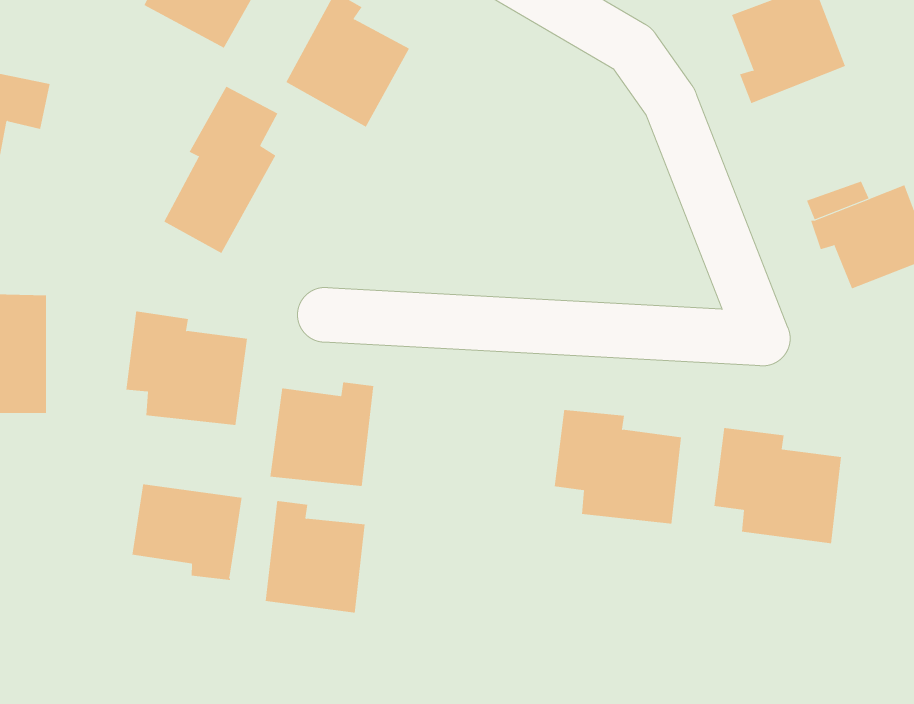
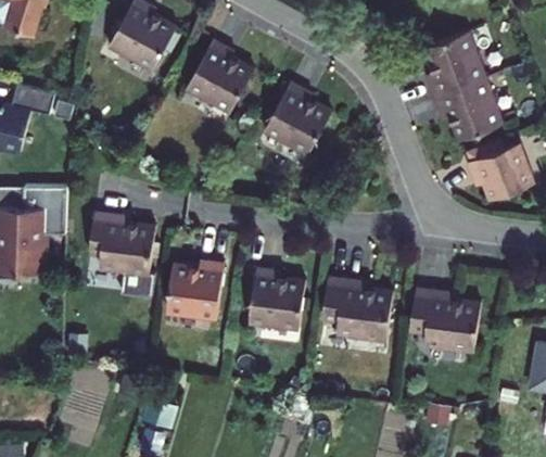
building: none -> [434,81,504,145]
building: none -> [256,84,325,157]
building: [163,86,278,254] -> none
building: [132,483,242,581] -> none
building: [265,501,365,613] -> [253,262,308,323]

